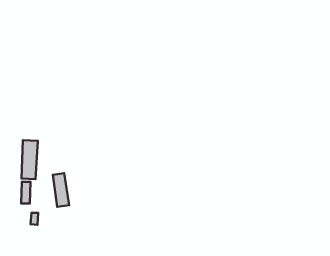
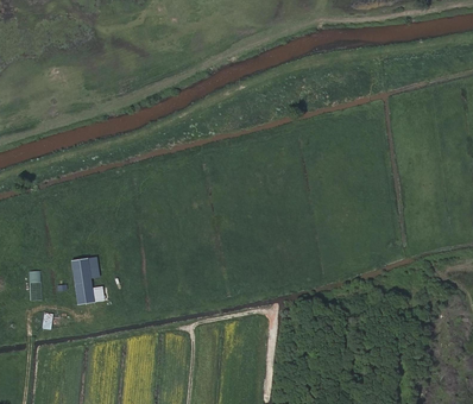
building: [22,140,38,179] -> none

